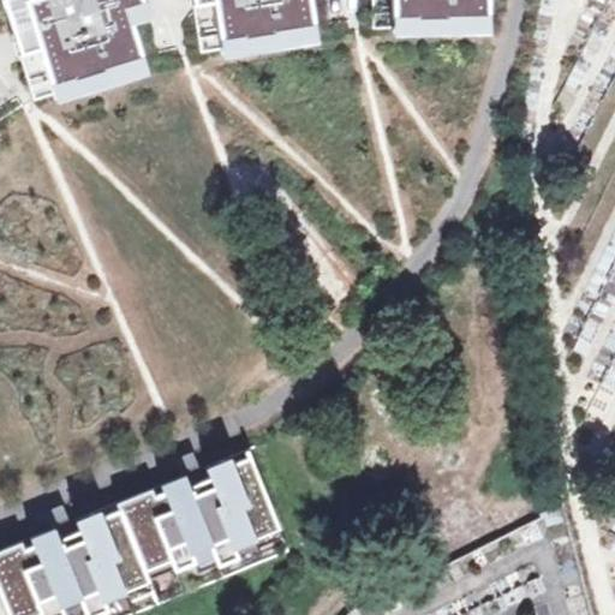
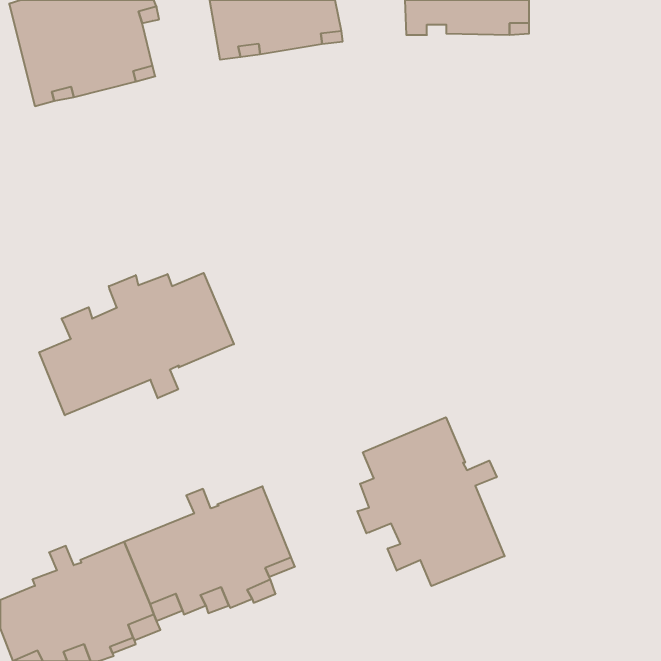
building: none -> [39,273,234,415]
building: none -> [357,417,505,586]

